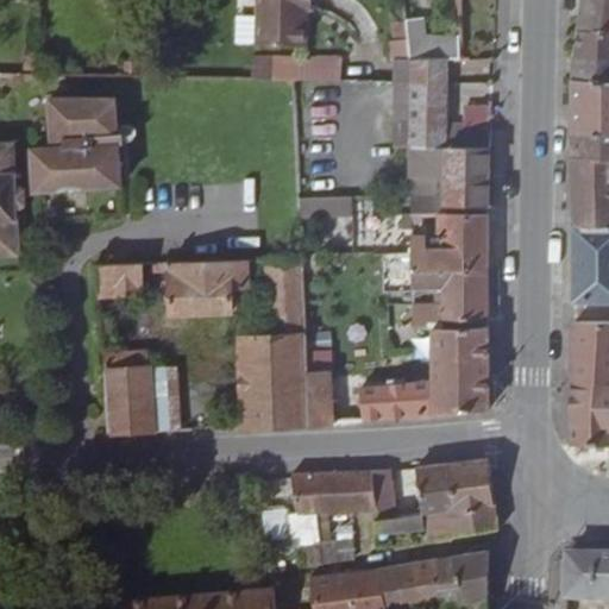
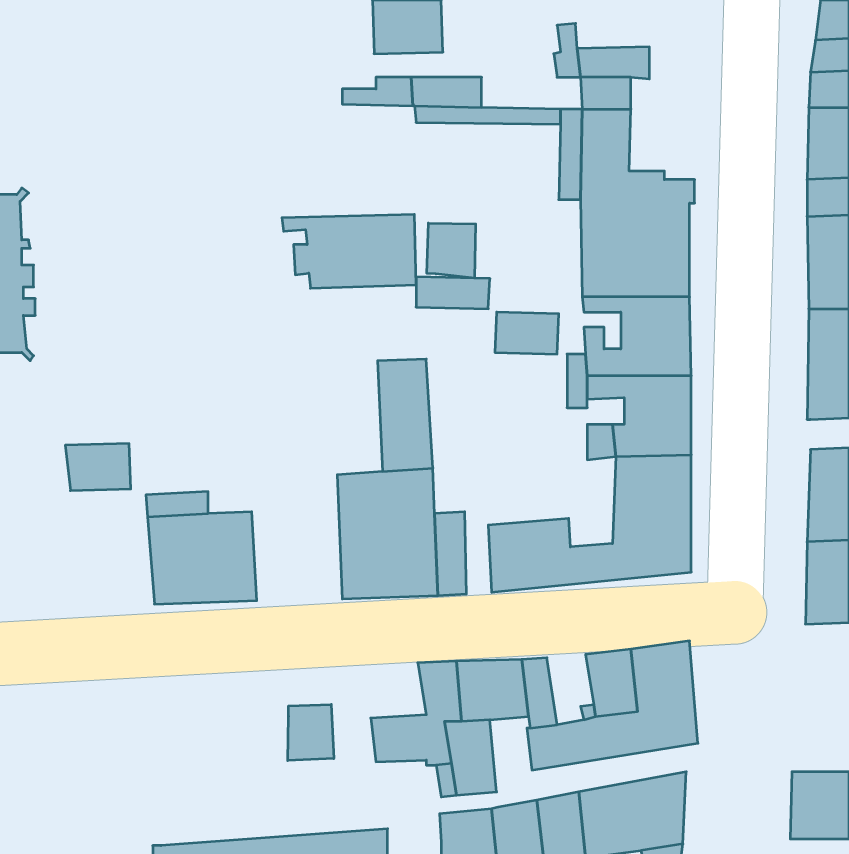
building: [31,95,120,190] -> none
building: none -> [427,223,476,278]
building: [152,259,247,312] -> [282,214,416,288]
building: [95,263,142,296] -> [65,444,131,491]
building: none -> [288,704,334,761]

